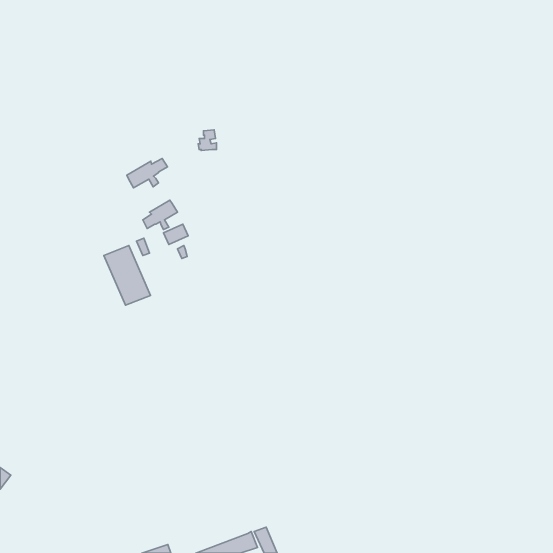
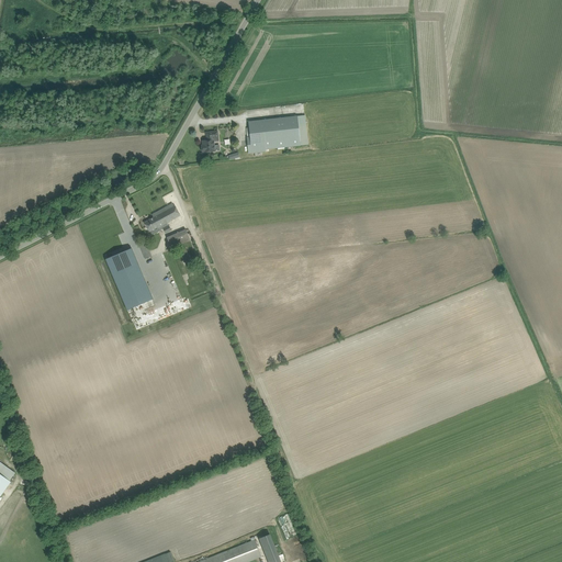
building: none -> [246,115,308,154]
building: [127,159,168,188] -> none

